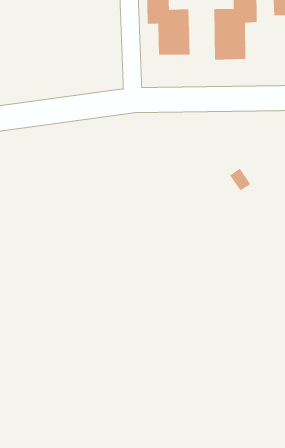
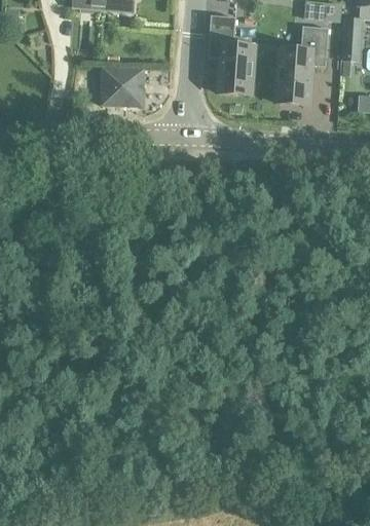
building: none -> [102,68,144,106]

